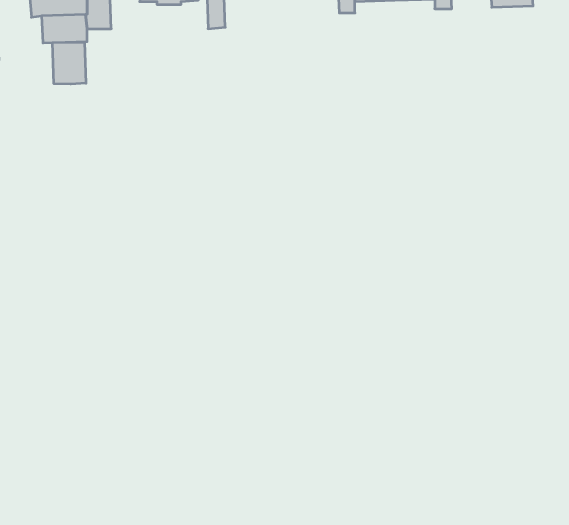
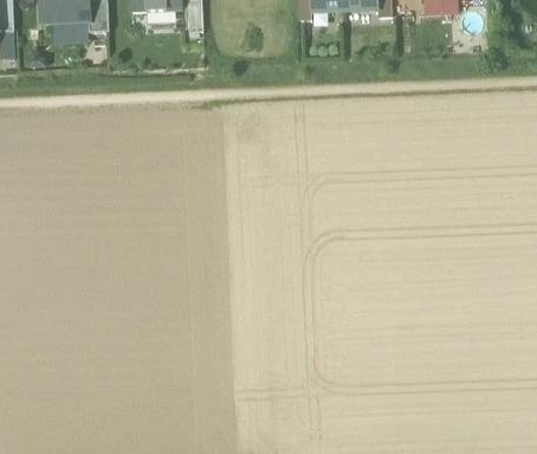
building: [53,42,86,84] -> none

